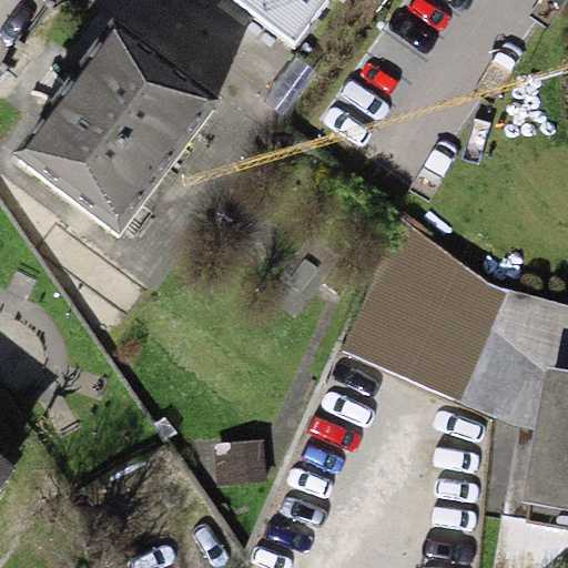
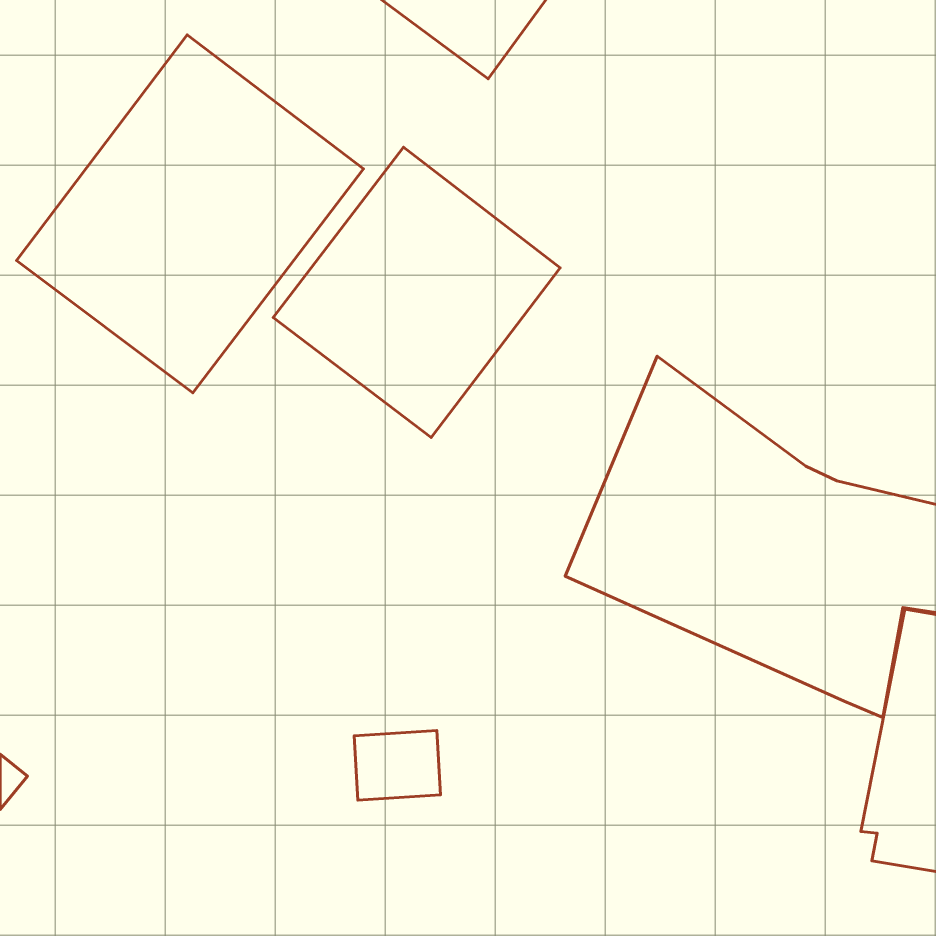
building: none -> [273,147,560,438]

